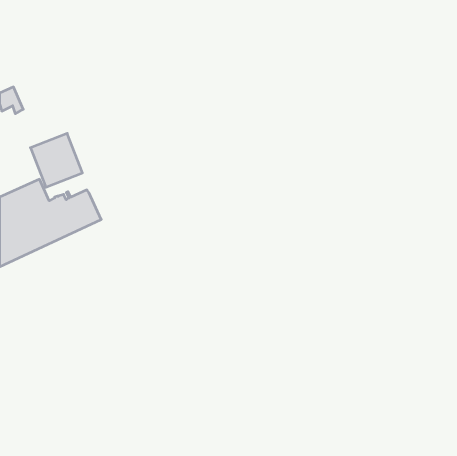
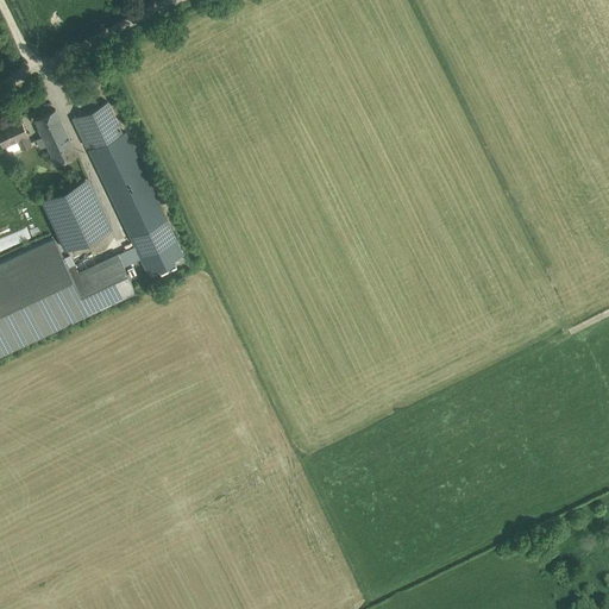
building: none -> [75,100,182,274]
building: none -> [32,111,76,167]

